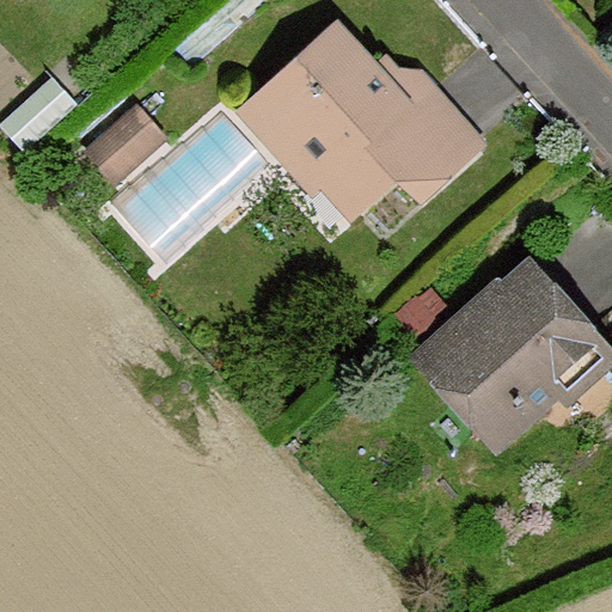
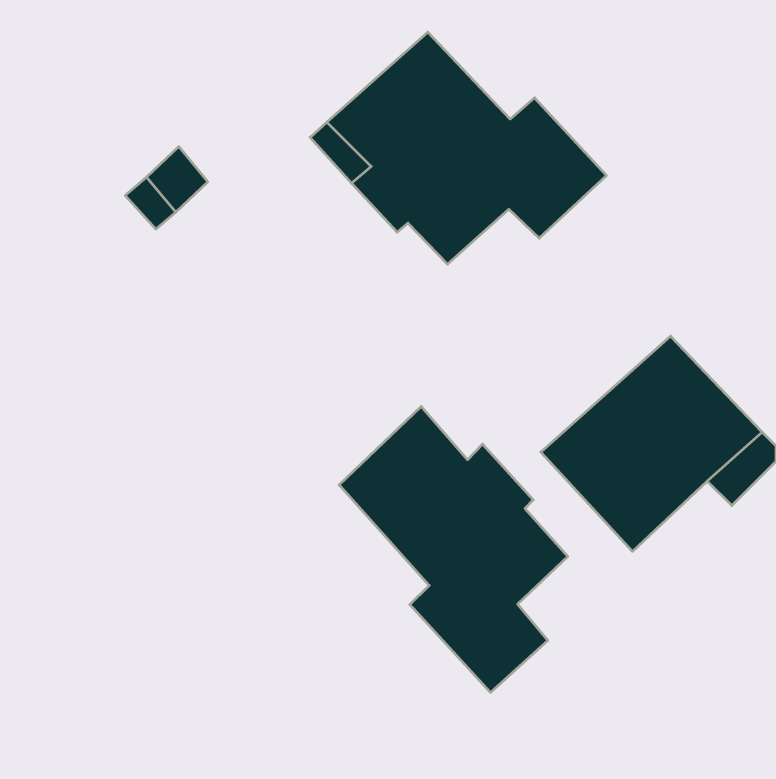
building: none -> [339,406,568,692]

